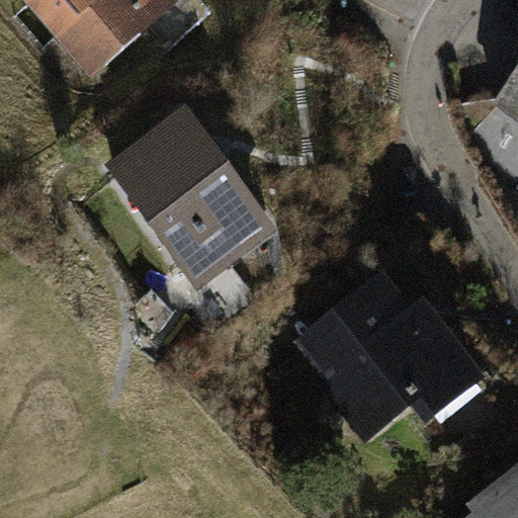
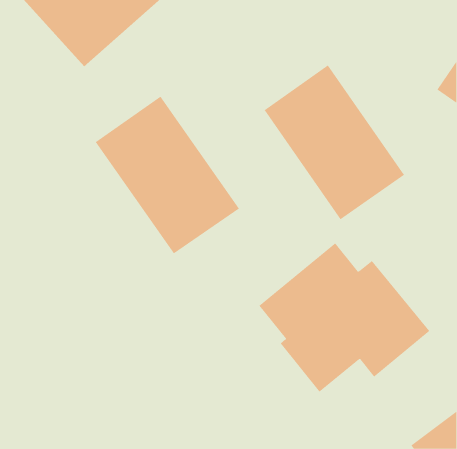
building: none -> [264,65,405,220]

